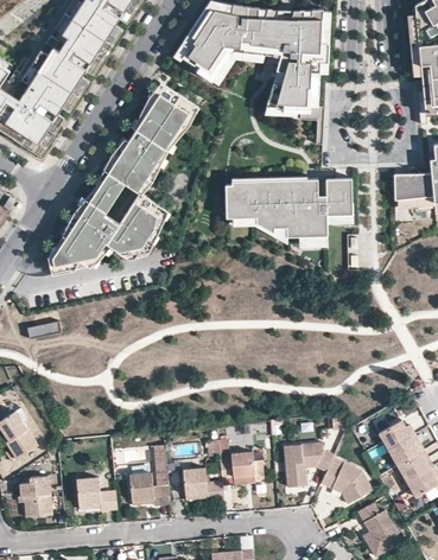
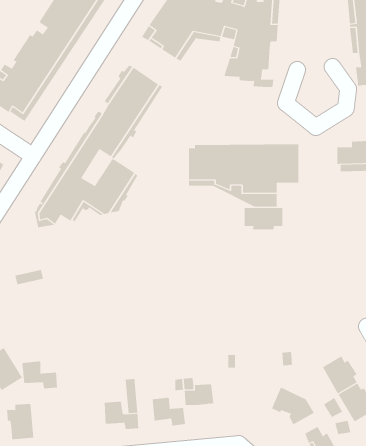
building: none -> [244,207,283,230]
building: [285,448,332,485] -> none
building: [75,477,116,509] -> [21,361,58,389]

